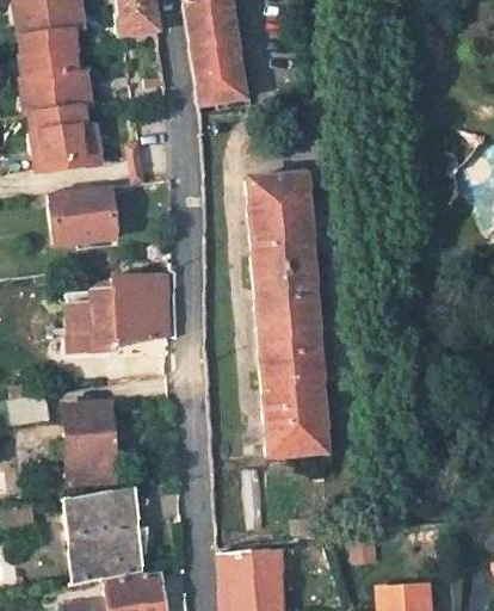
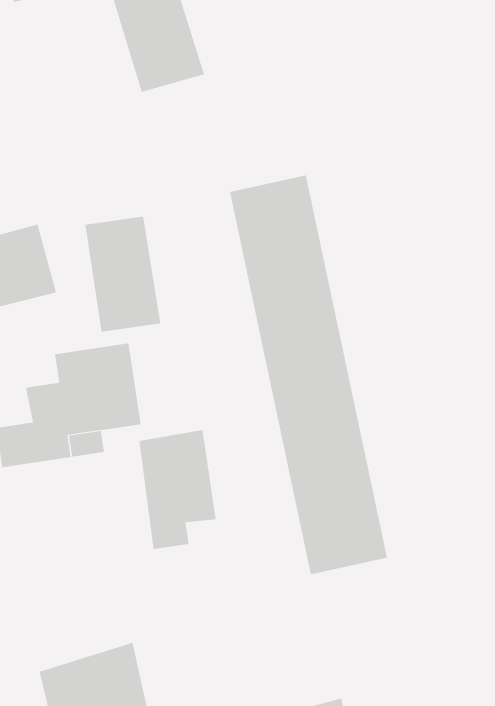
building: none -> [85,216,161,333]
building: [62,401,110,480] -> [138,430,217,550]

